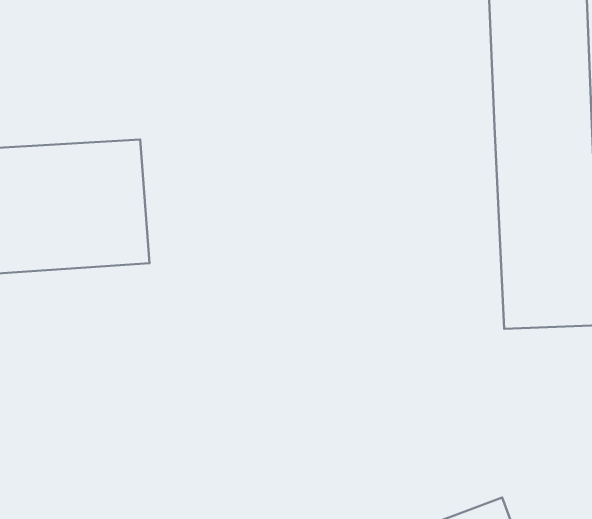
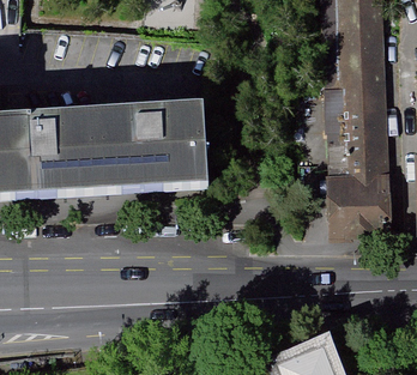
building: none -> [97,105,206,192]

